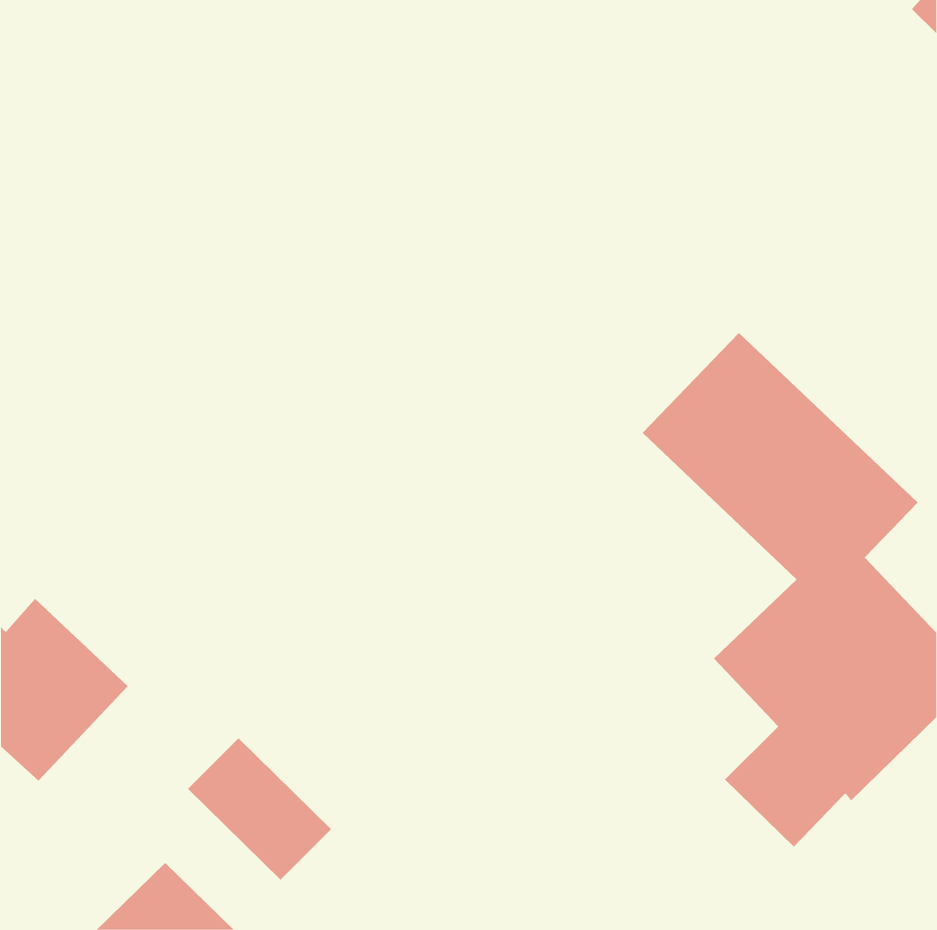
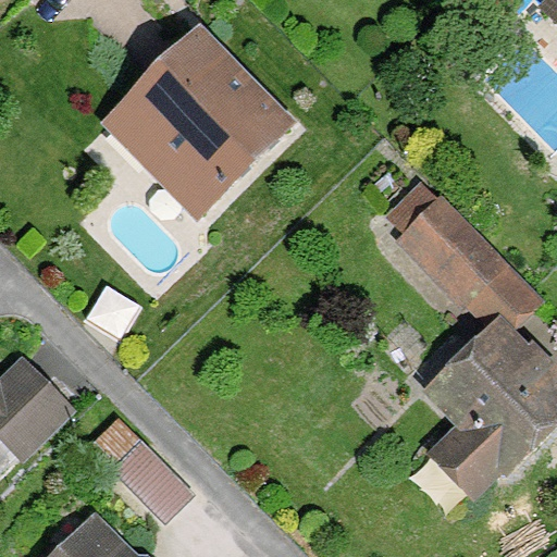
building: none -> [98,20,299,221]

